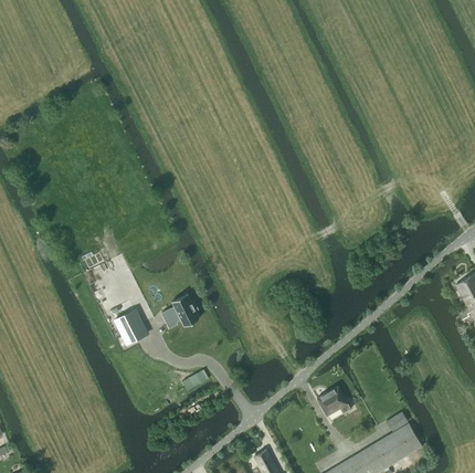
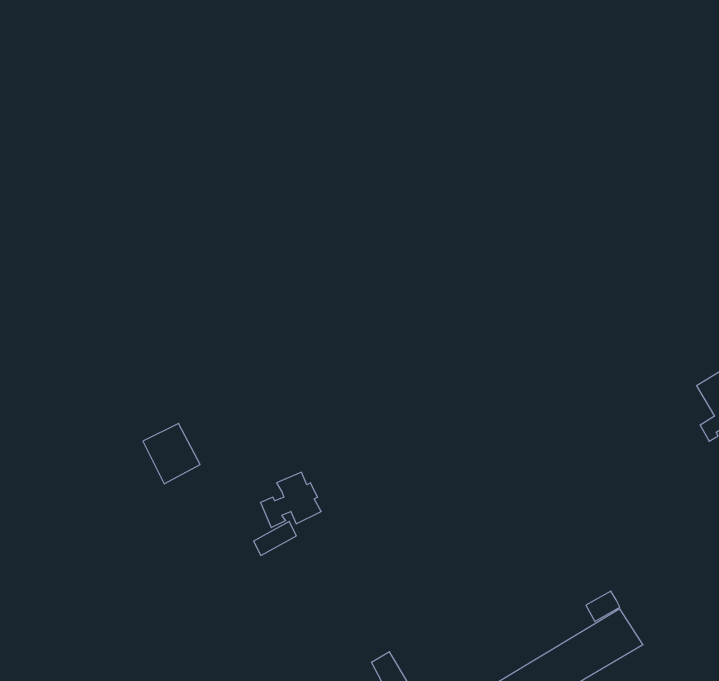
building: [162,294,200,328] -> [260,472,321,528]
building: [318,387,352,416] -> none

